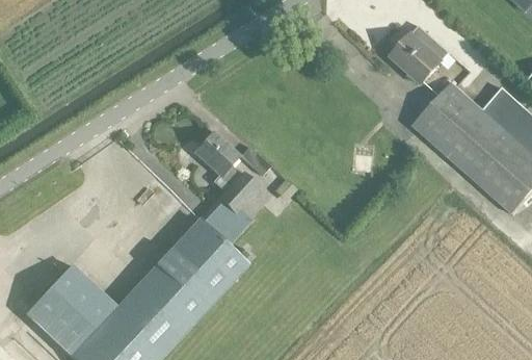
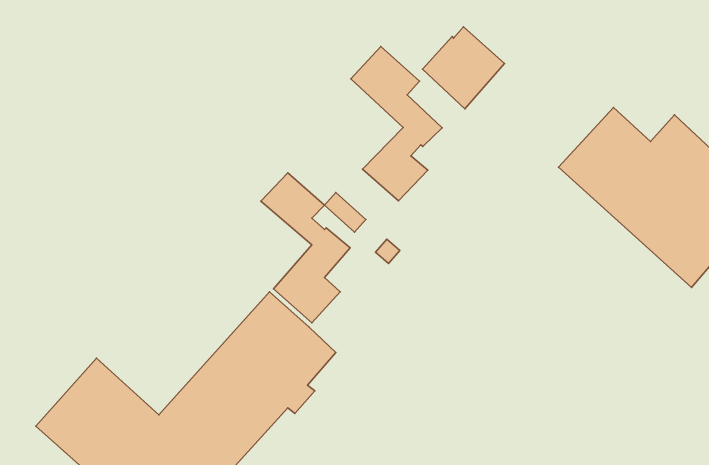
building: [389,25,449,85] -> [422,27,505,109]
building: none -> [351,46,442,201]

